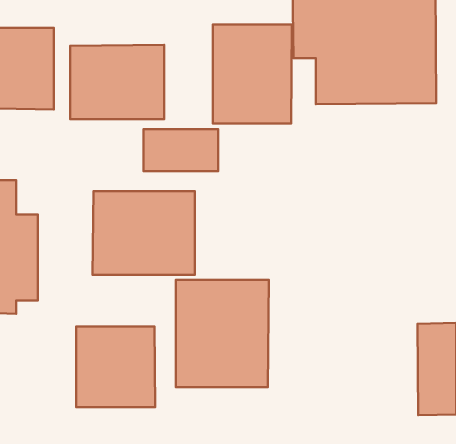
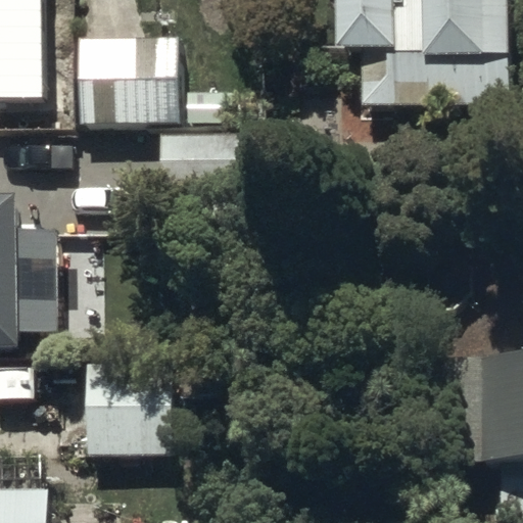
building: [213,25,292,123] -> none
building: [92,191,195,275] -> none
building: [176,280,269,387] -> none

